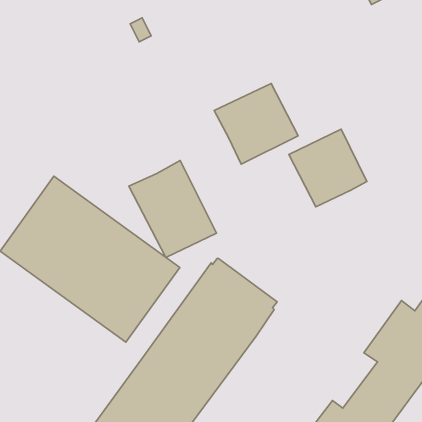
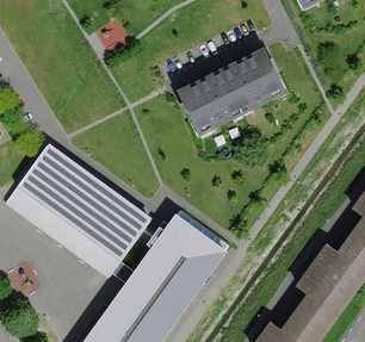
building: [289,129,367,207] -> [222,50,284,112]
building: [129,161,217,258] -> none

